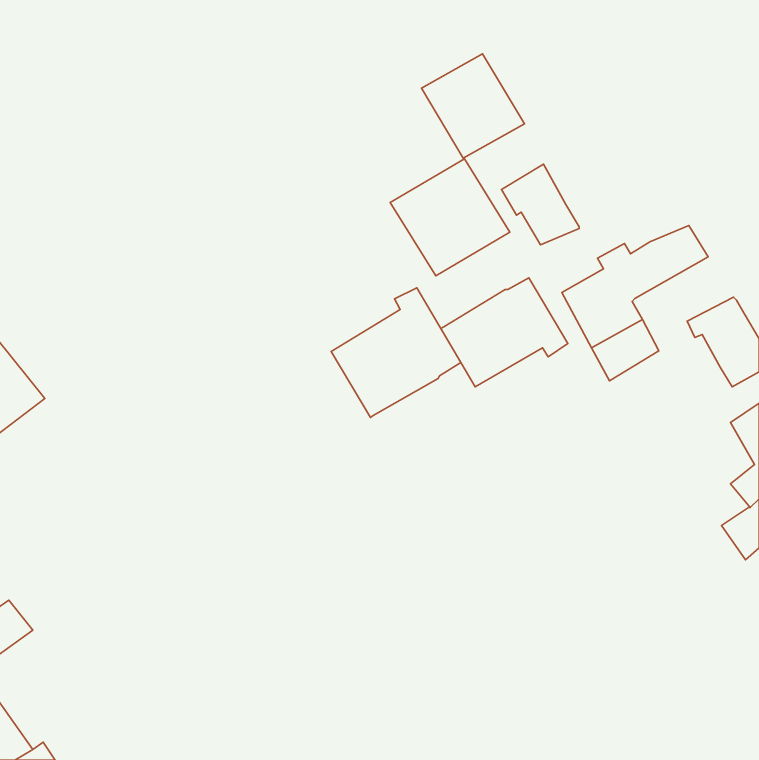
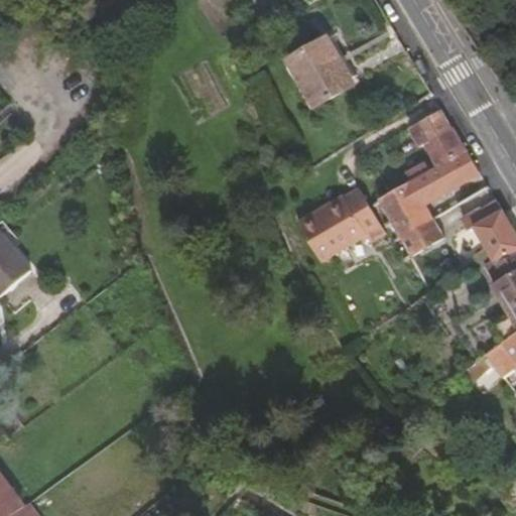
building: [390,159,510,276] -> none
building: [502,164,579,245] -> [412,109,465,163]
building: [331,288,461,418] -> none

